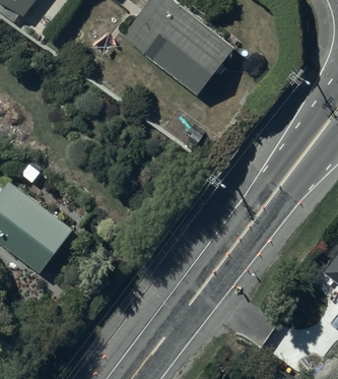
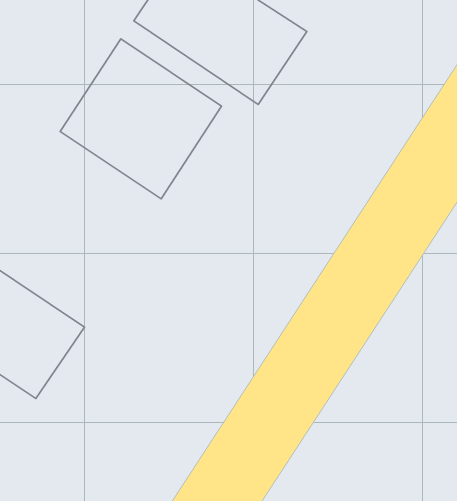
building: none -> [60,39,222,199]

